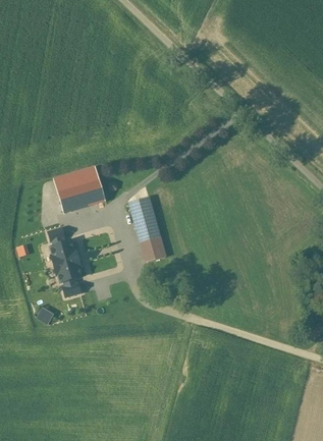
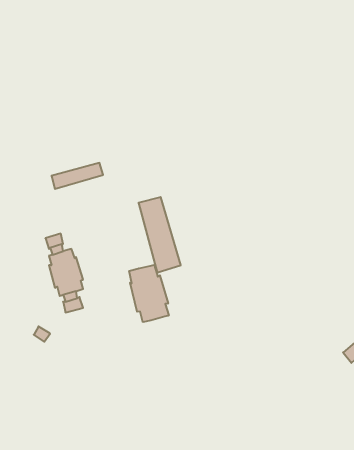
building: [56,176,104,211] -> none
building: none -> [129,265,169,322]

